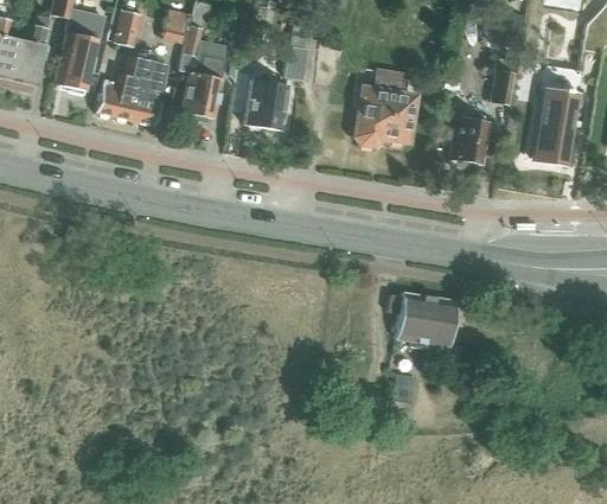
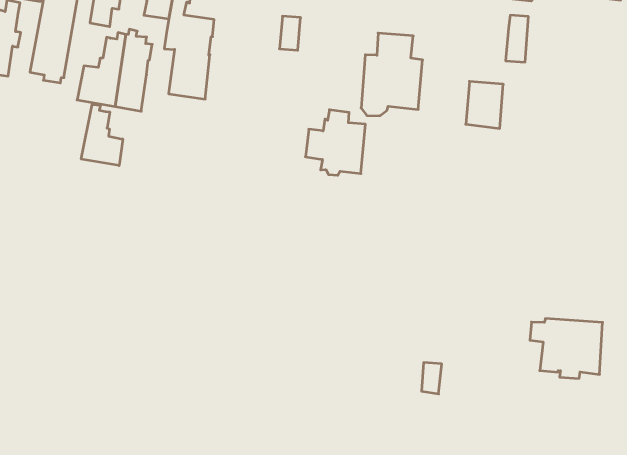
building: [531,65,580,167] -> none
building: [231,70,288,130] -> [305,110,365,175]
building: none -> [81,104,123,166]
building: [386,292,454,349] -> [530,319,603,378]

